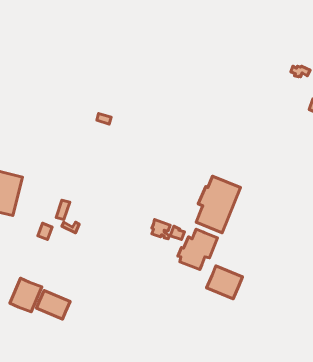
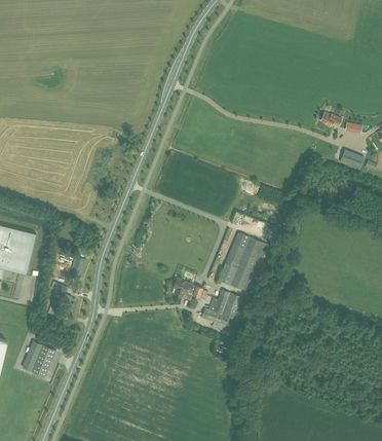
building: [207,266,242,299] -> none
building: [37,291,70,319] -> none

